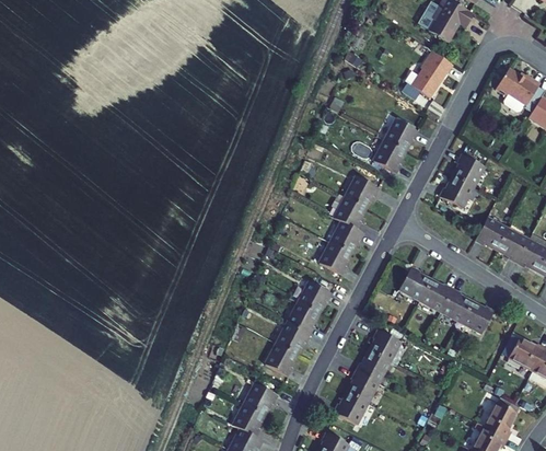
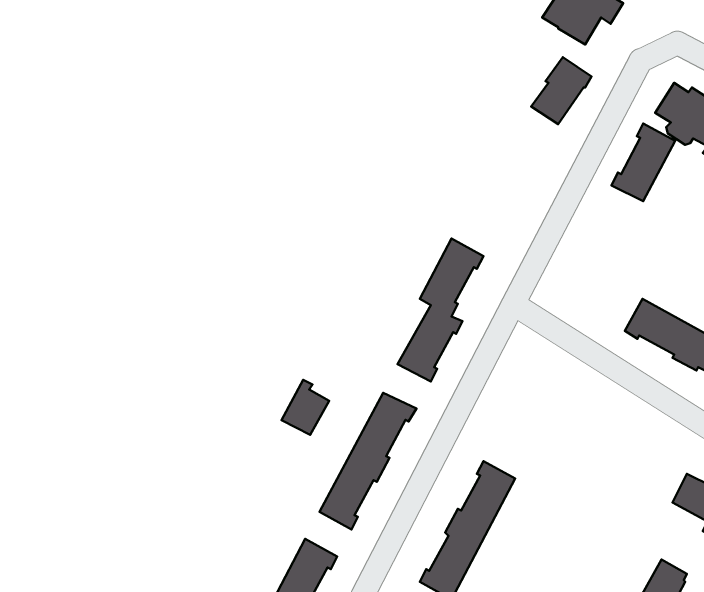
building: [373,118,417,172] -> none
building: [440,153,484,207] -> [611,123,675,201]
building: [399,266,493,333] -> none
building: none -> [282,380,329,435]

